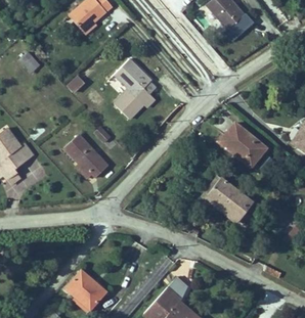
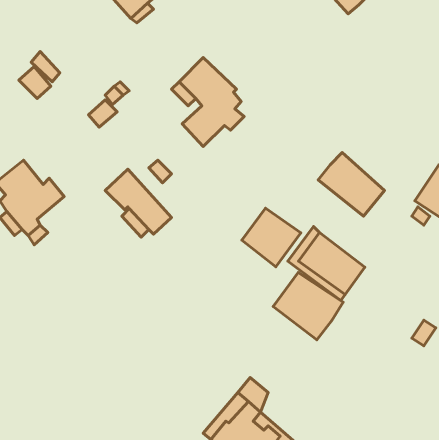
building: none -> [242,208,301,267]
building: none -> [273,273,343,340]
building: [63,267,103,307] -> none

